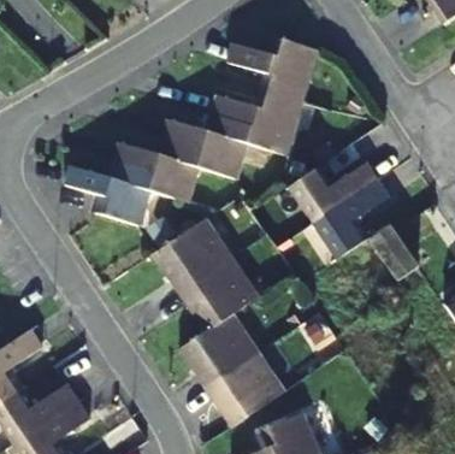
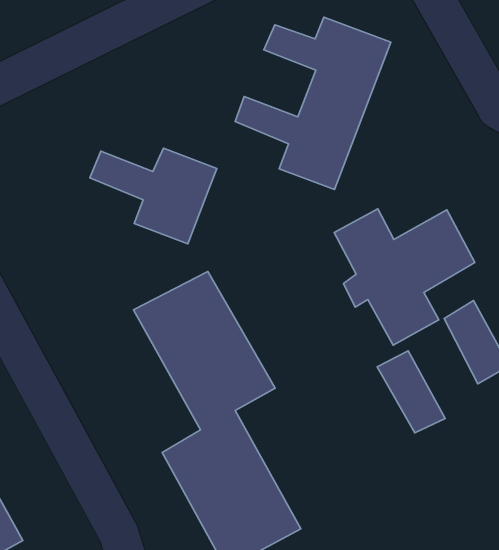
building: [164,112,250,176] -> none
building: [66,160,153,224] -> none
building: none -> [377,351,445,433]

